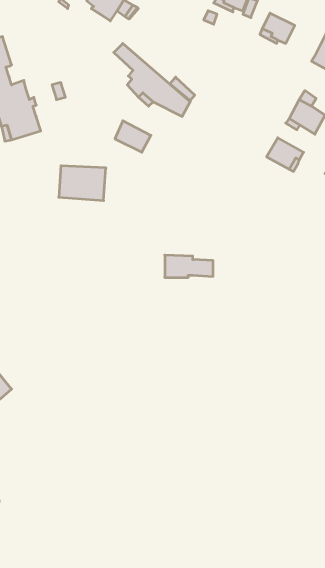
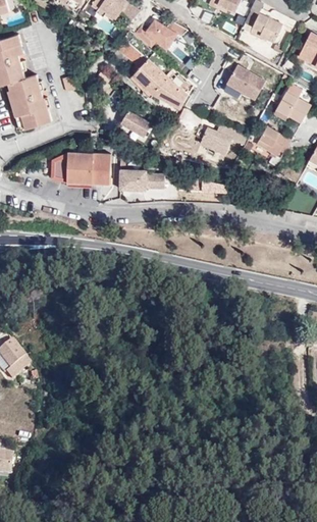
building: none -> [135,19,186,51]
building: none -> [224,65,266,103]
building: none -> [199,125,233,155]
building: none -> [51,152,70,180]
building: [165,255,213,277] -> [120,169,164,190]

